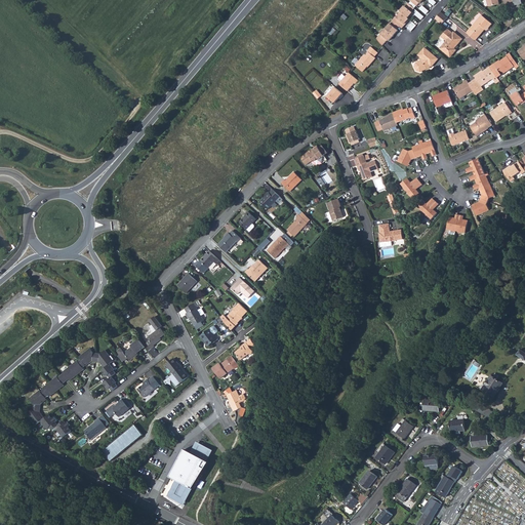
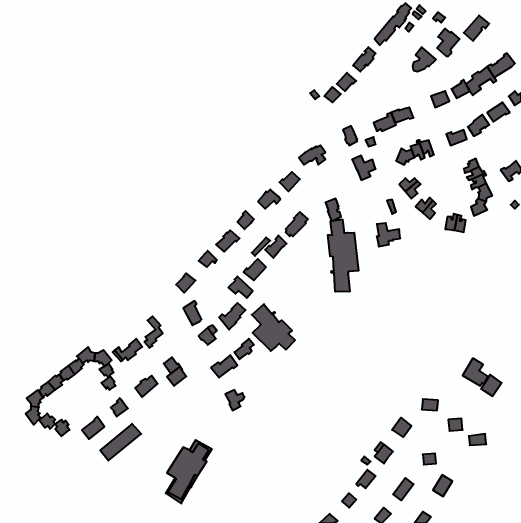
building: none -> [328,219,359,292]
building: none -> [252,304,295,351]

